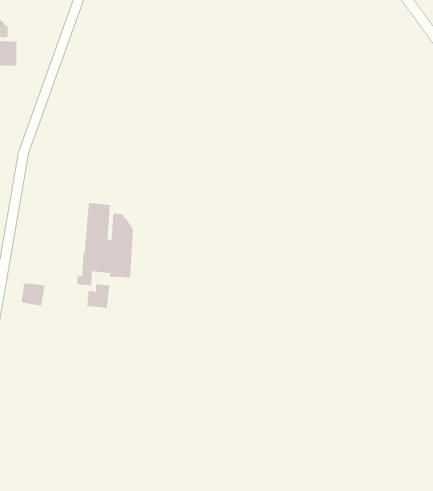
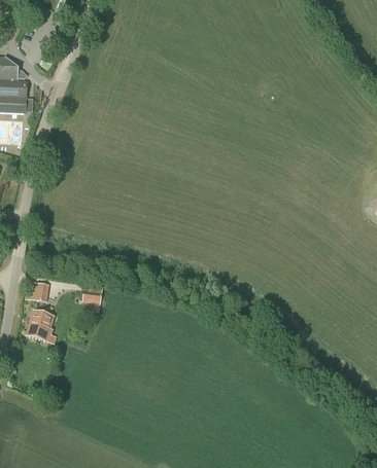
building: [76,202,133,286] -> none
building: none -> [26,311,53,341]

